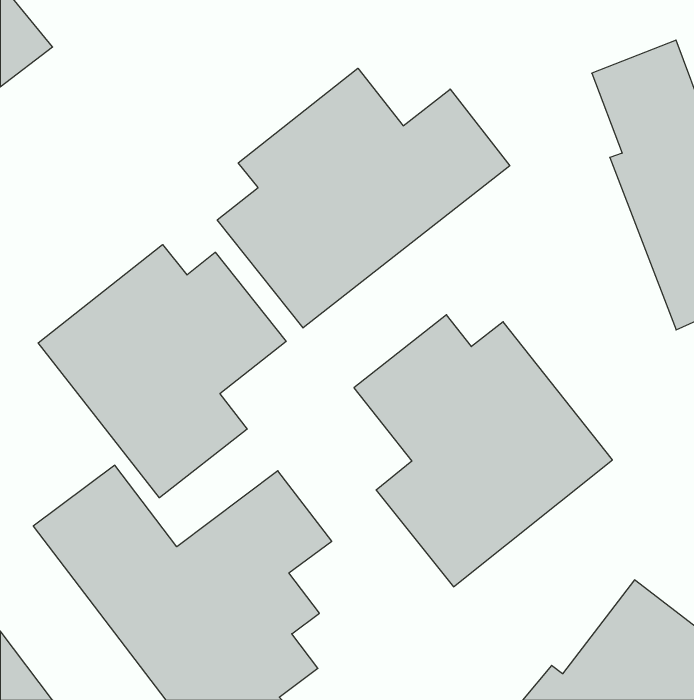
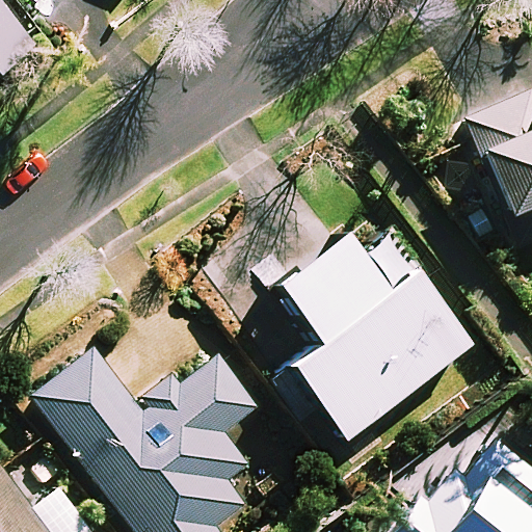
building: [217,68,510,328] -> none
building: [38,245,286,498] -> none

